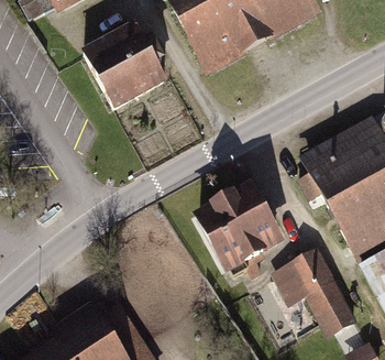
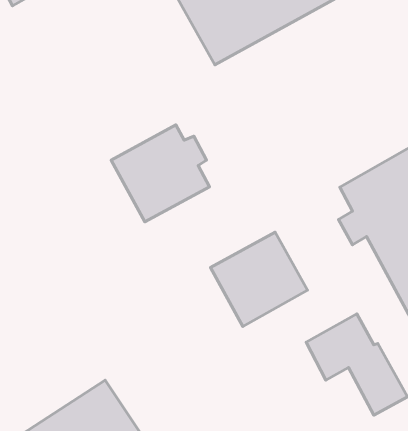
building: [88,31,165,107] -> [111,125,209,222]

